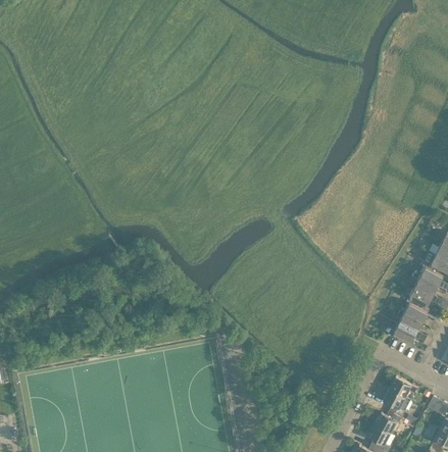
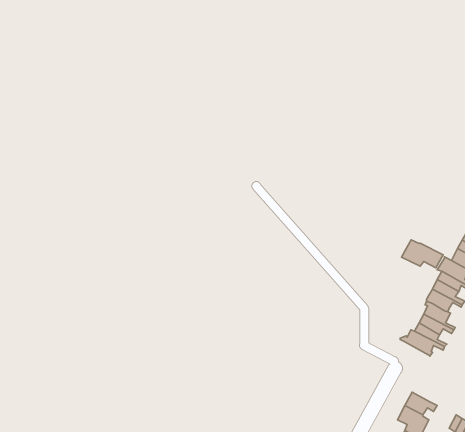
building: none -> [401,240,443,268]

